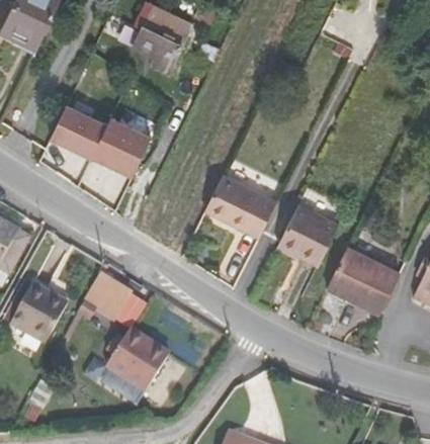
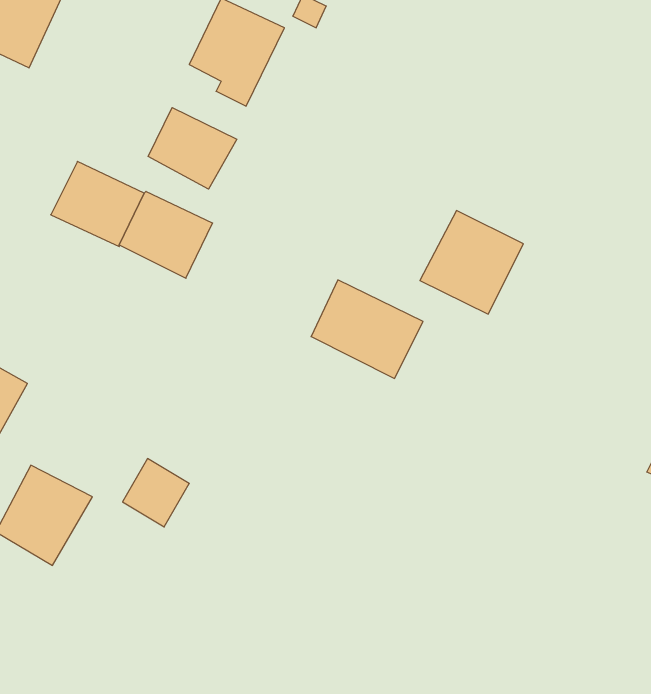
building: none -> [148,108,237,189]
building: [274,201,337,264] -> [420,211,523,314]
building: [323,244,396,313] -> none
building: [110,337,174,397] -> none

